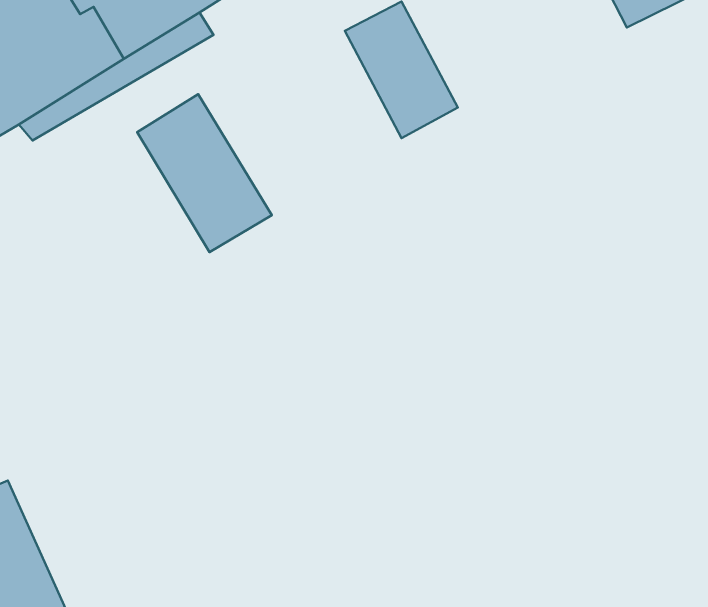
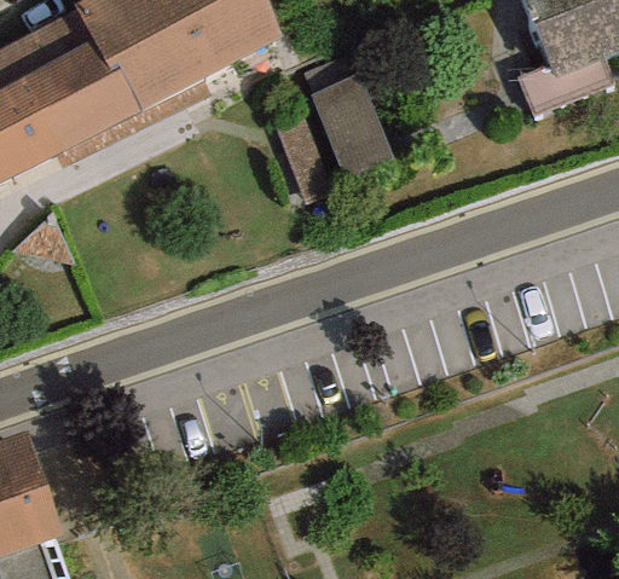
building: [137,94,272,252] -> none

